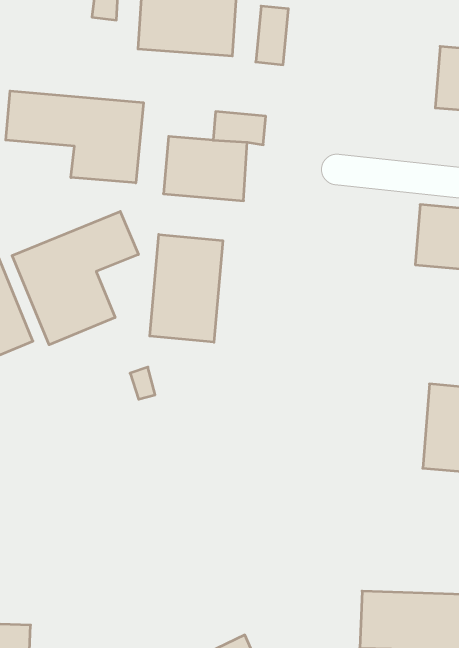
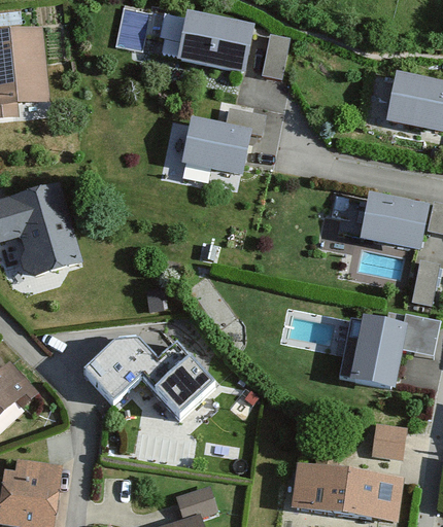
building: [6,91,143,183] -> none
building: [12,211,138,345] -> none
building: [150,234,223,342] -> none
building: none -> [82,339,211,417]

